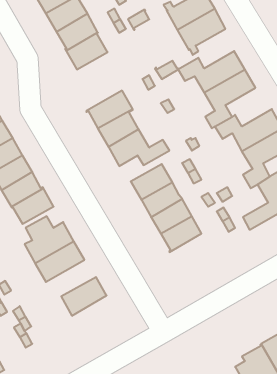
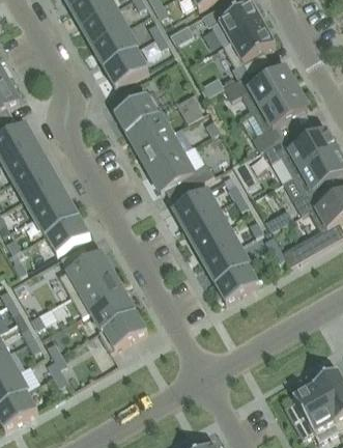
building: none -> [113,89,163,131]
building: none -> [213,262,258,301]
building: none -> [81,290,135,330]

